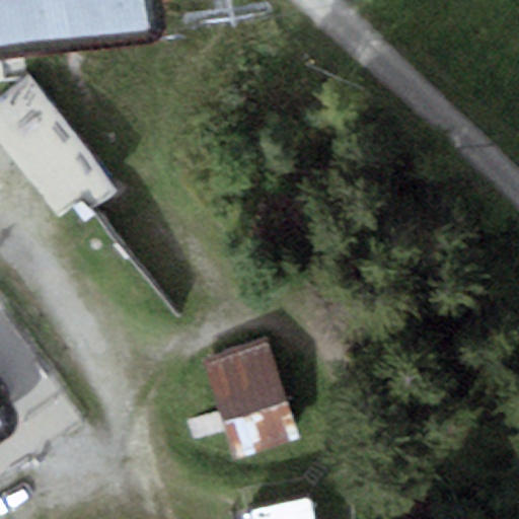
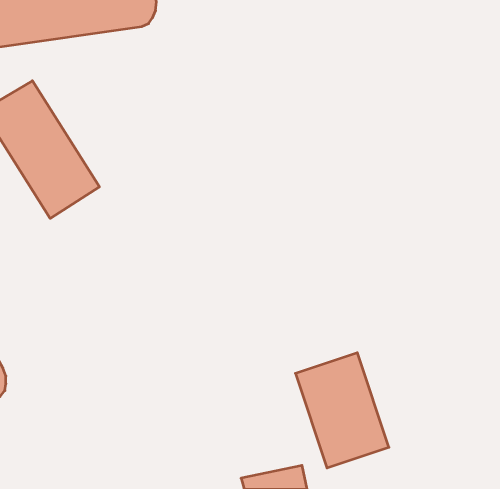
building: [200,326,296,445] -> [295,353,389,468]

